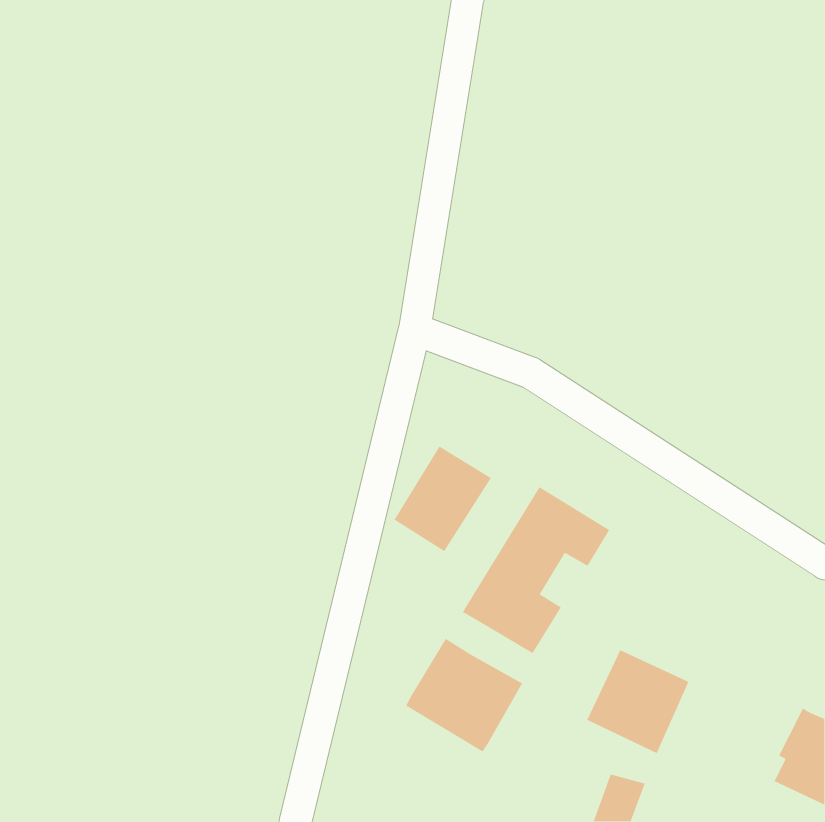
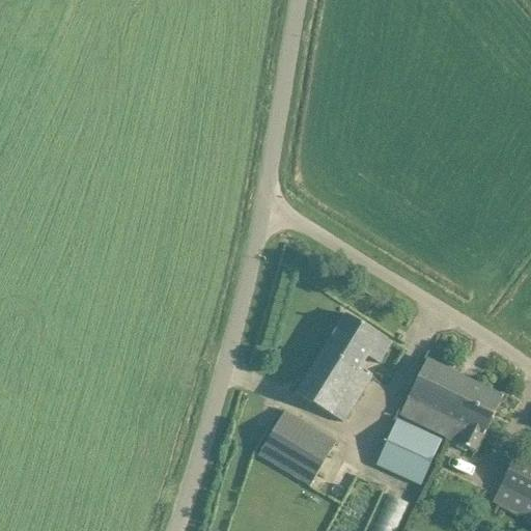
building: [394,446,492,552] -> none
building: none -> [401,358,503,449]

